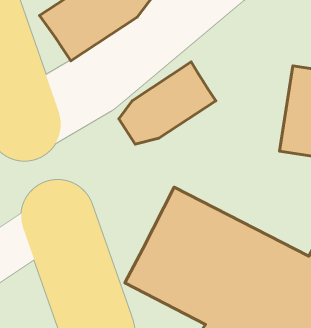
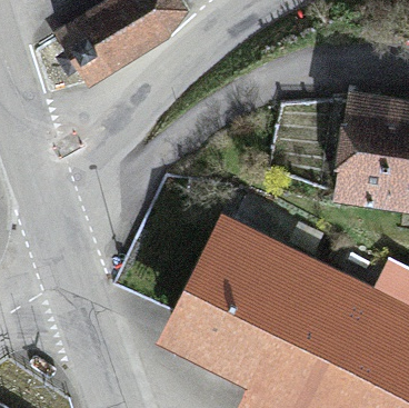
building: [119,62,216,144] -> none

